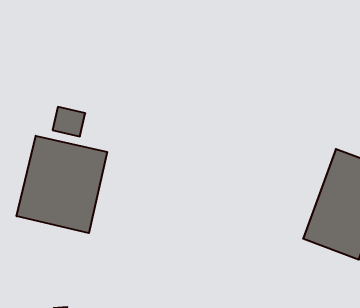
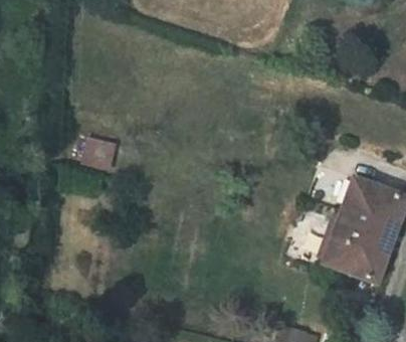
building: [17,136,107,233] -> none

